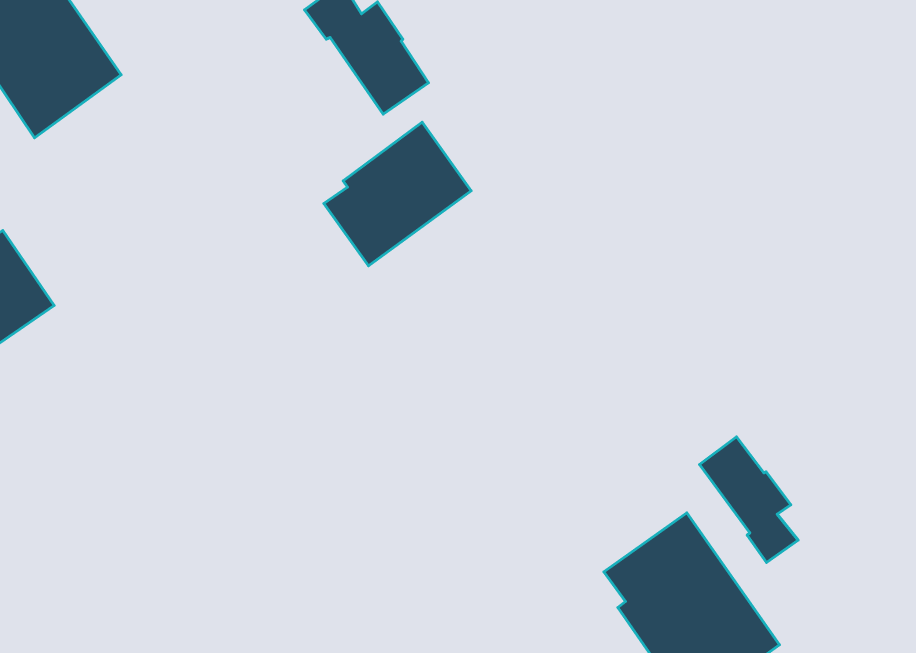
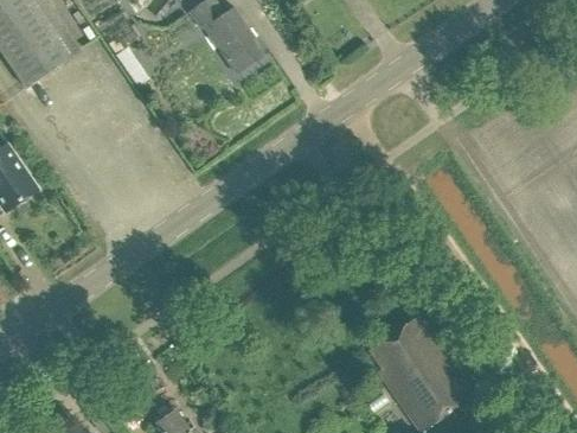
building: [324,122,471,266] -> none
building: [699,437,798,563] -> none

